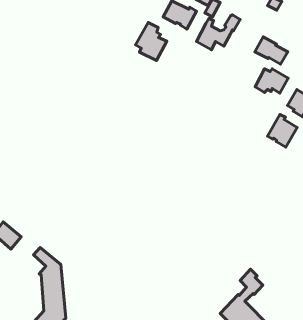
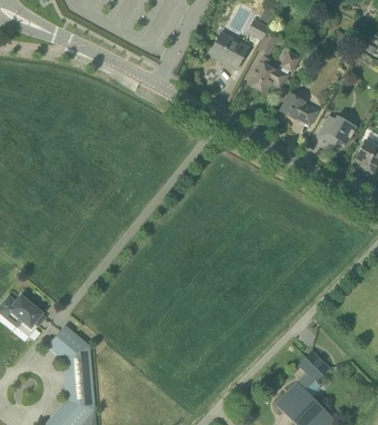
building: [136,23,167,61] -> none
building: [255,37,288,64] -> [279,92,318,125]
building: [267,114,297,147] -> none

